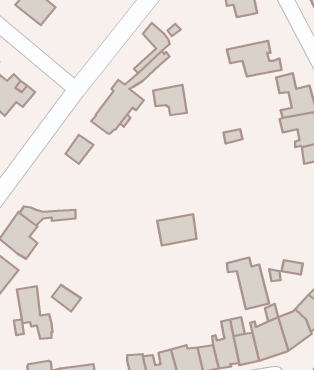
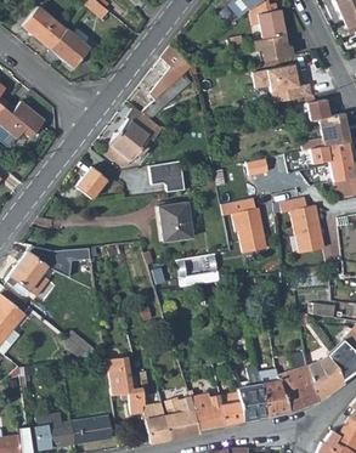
building: none -> [51,26,91,67]
building: none -> [255,35,293,61]
building: [153,85,187,115] -> [149,159,186,192]
building: none -> [221,198,267,253]
building: none -> [157,202,193,243]
building: [227,258,269,309] -> [279,196,326,251]
building: [17,286,53,339] -> [107,356,146,413]

